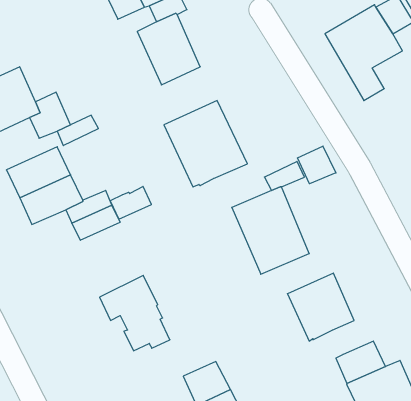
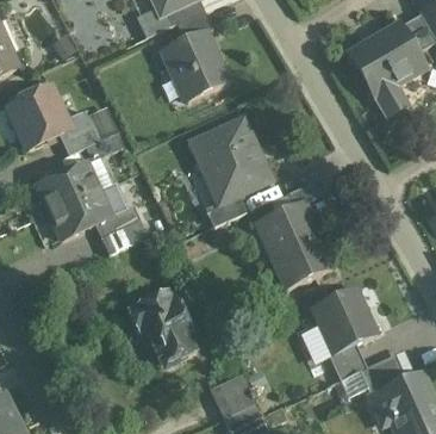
building: [297,146,336,184] -> none
building: [110,186,151,219] -> [207,193,248,225]
building: none -> [330,342,367,378]

